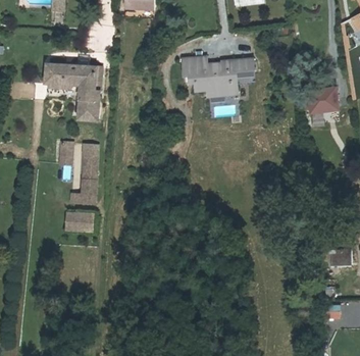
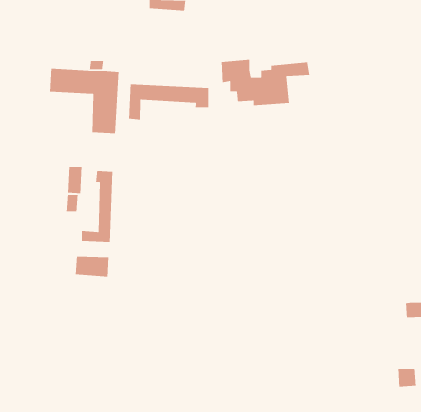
building: none -> [128,83,209,120]
building: [305,87,333,112] -> none

